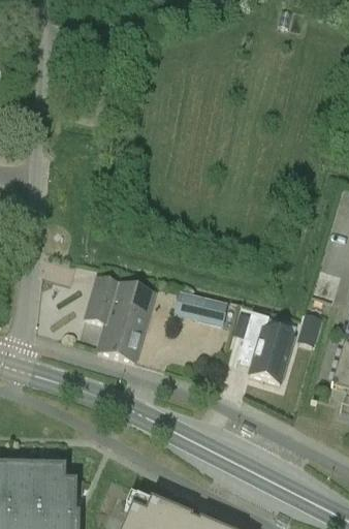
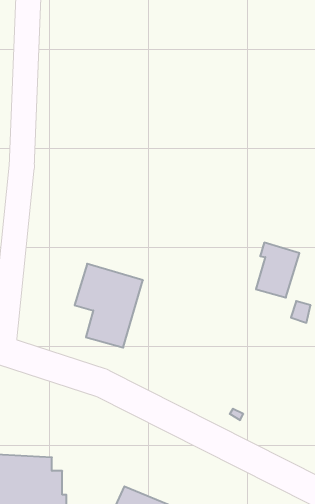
building: [184,290,228,323] -> none
building: [252,321,295,376] -> [256,243,299,298]

